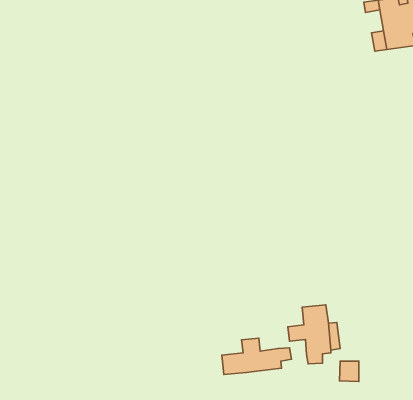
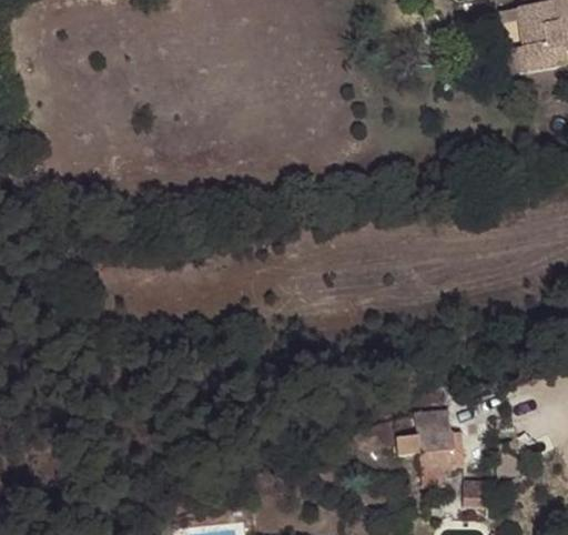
building: [222,338,292,374] -> none

